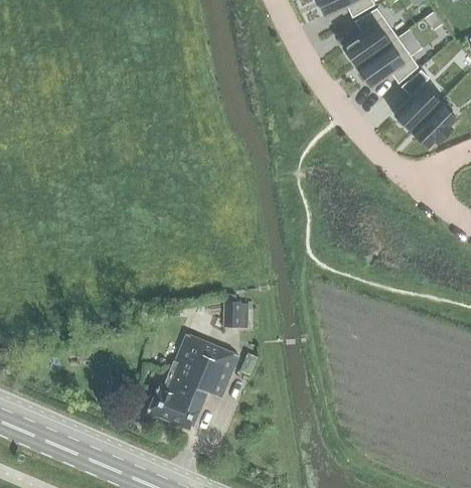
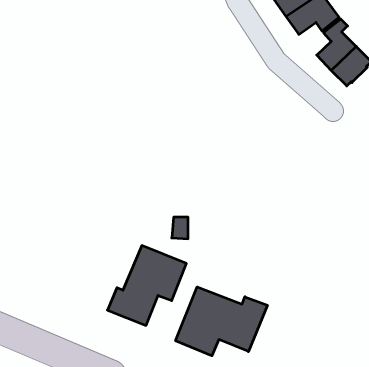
building: none -> [176,287,267,356]

